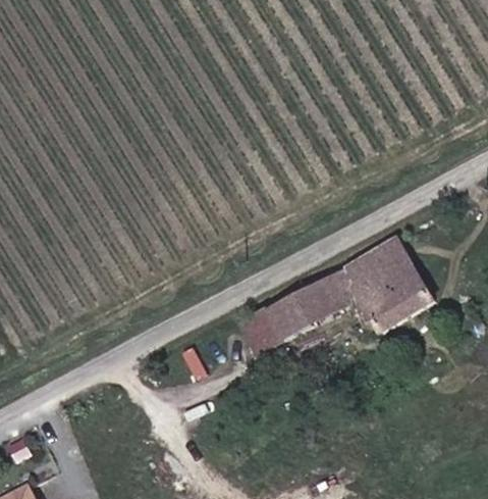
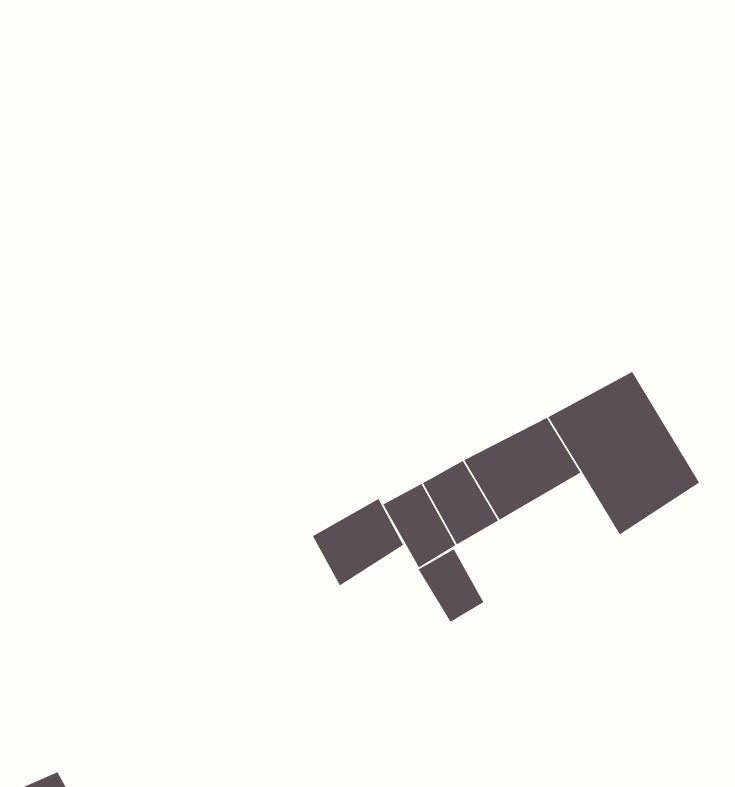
building: none -> [312,498,404,586]
building: none -> [418,548,484,623]

